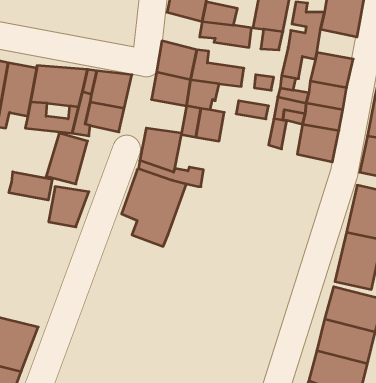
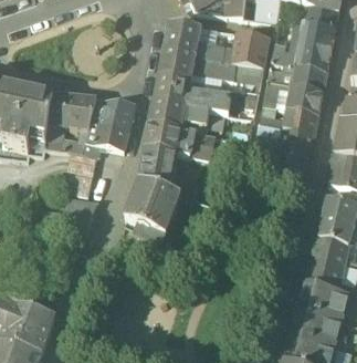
building: none -> [160,46,195,79]
building: none -> [292,61,326,86]
building: none -> [147,121,181,149]
building: [9,172,52,200] -> none

